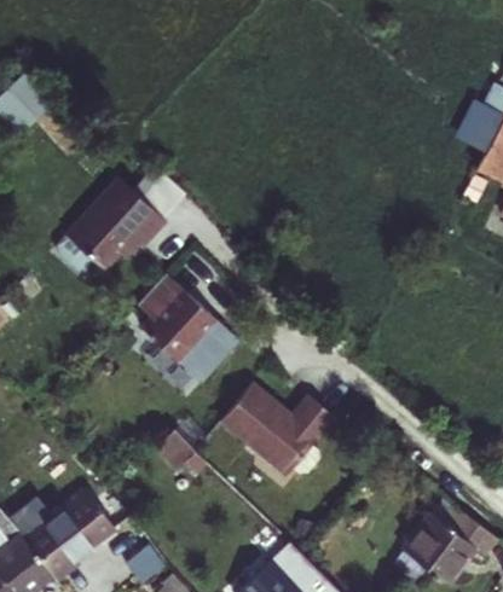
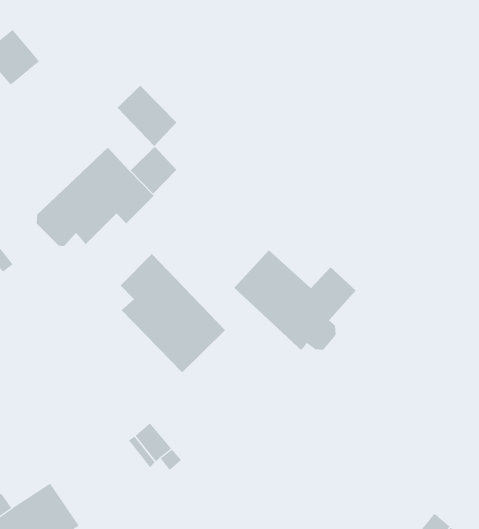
building: none -> [117,85,177,147]
building: [220,384,334,476] -> [233,249,357,351]

